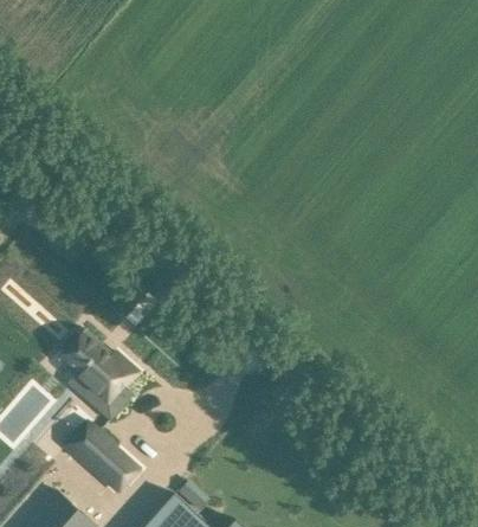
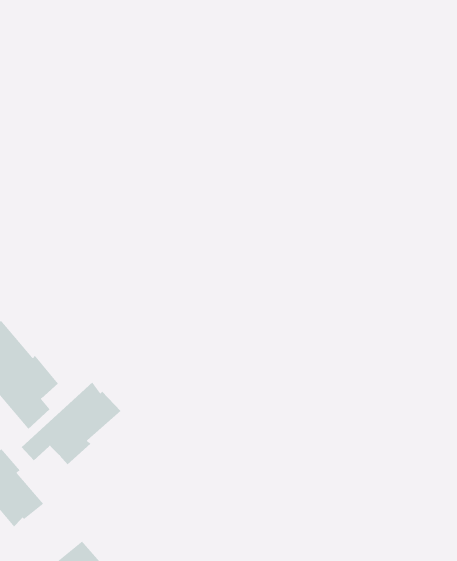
building: none -> [21,382,121,465]

